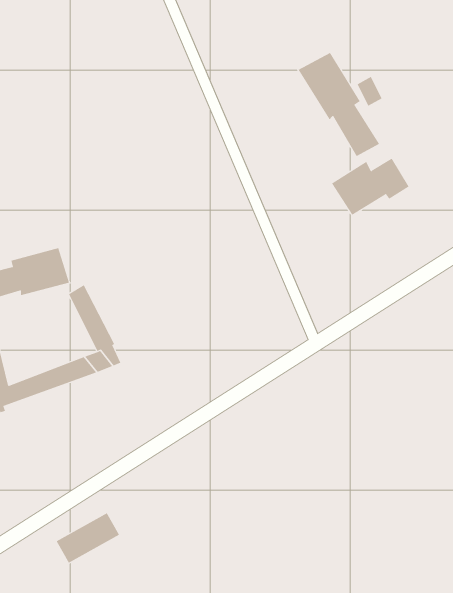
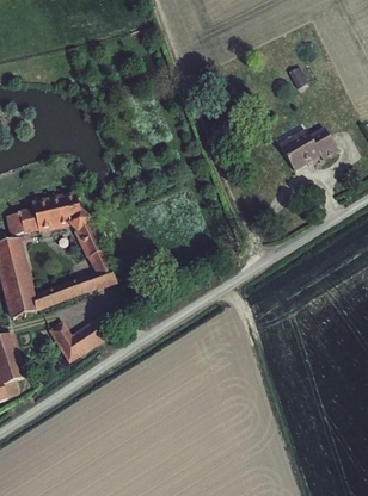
building: [298,52,380,157] -> none
building: [56,512,120,564] -> [61,322,109,360]

